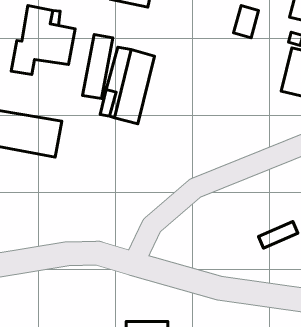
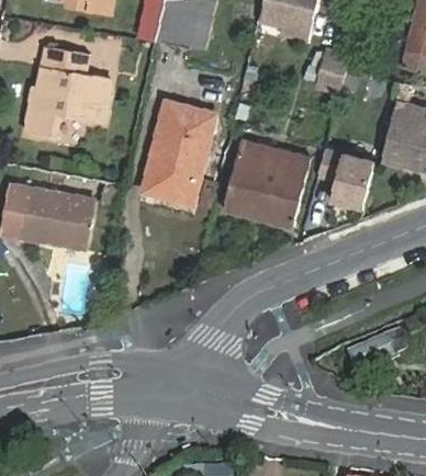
building: [82,34,113,98] -> none
building: none -> [223,139,311,226]
building: none -> [332,150,375,205]

